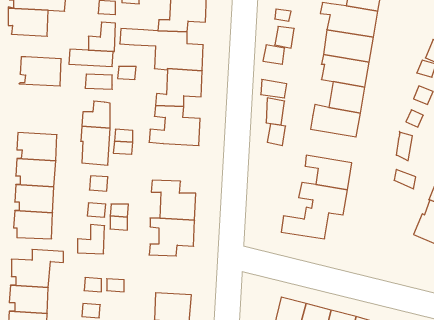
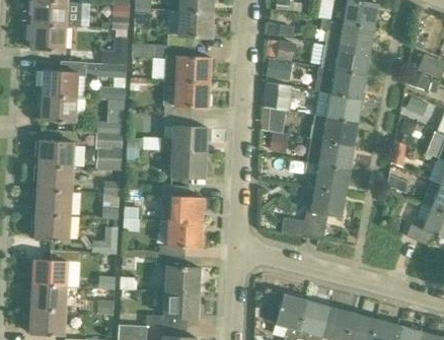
building: none -> [38,94,76,121]
building: none -> [306,137,353,168]
building: none -> [171,150,206,177]
building: none -> [159,255,200,292]

